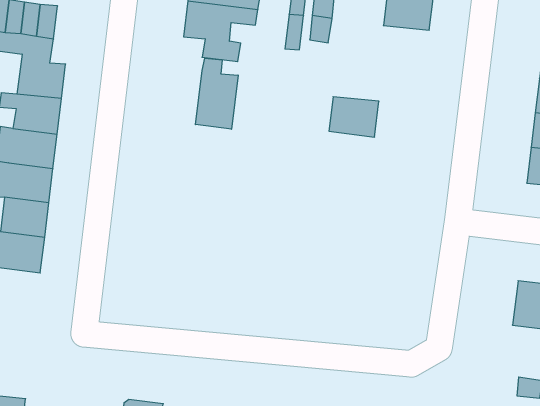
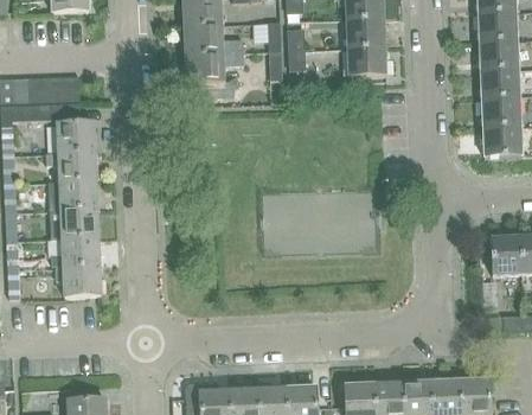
building: [195,58,238,129] -> none
building: [329,97,379,137] -> [347,45,386,76]

